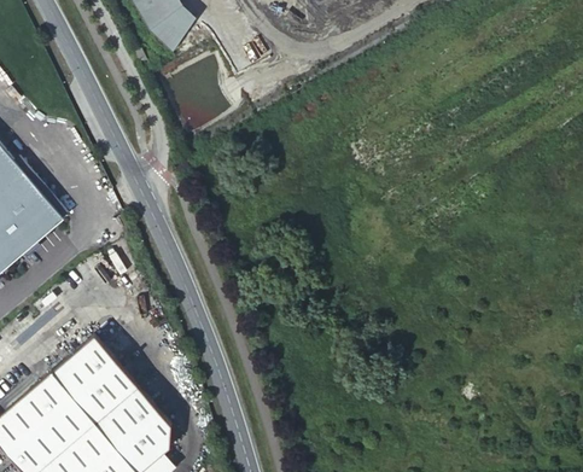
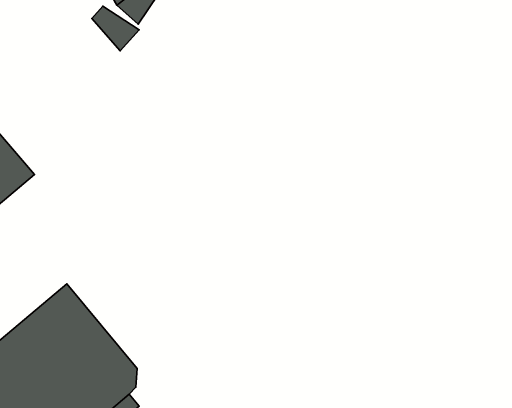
building: none -> [92,6,139,51]

